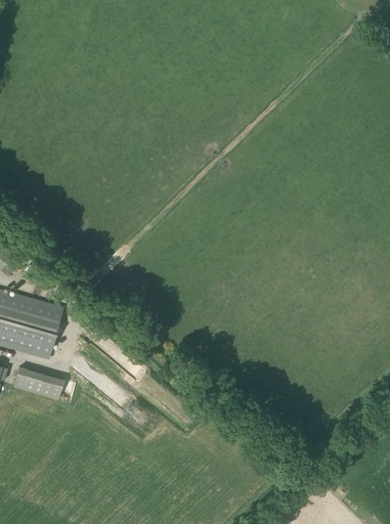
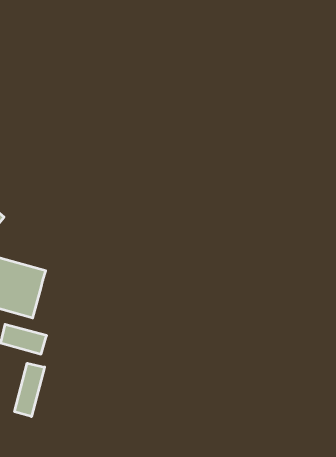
building: none -> [15,363,45,417]

